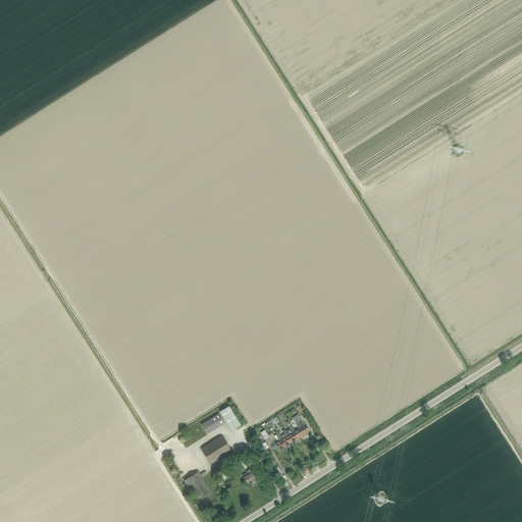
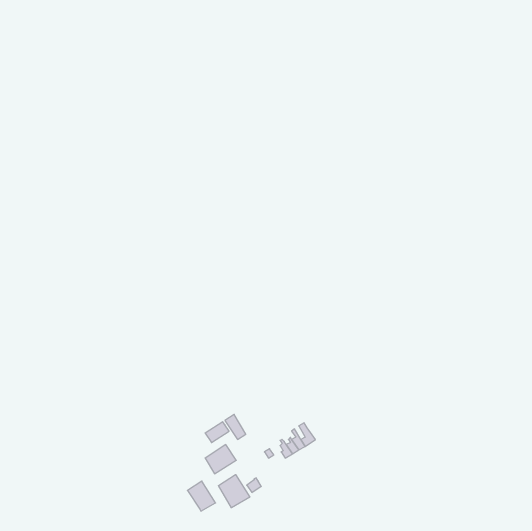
building: none -> [218,475,250,508]

